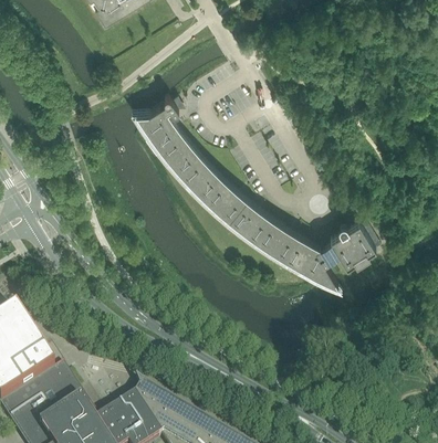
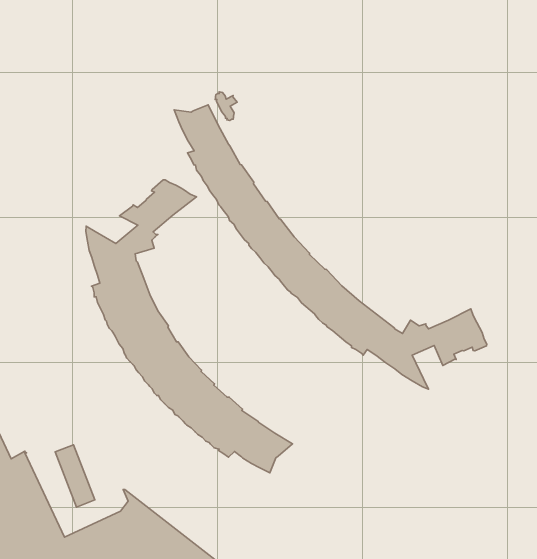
building: none -> [86,180,292,473]

